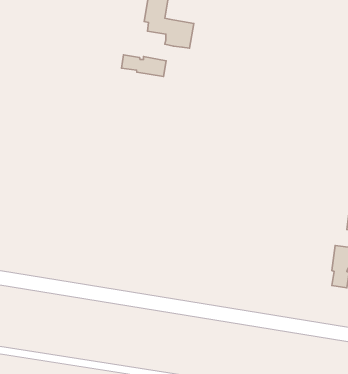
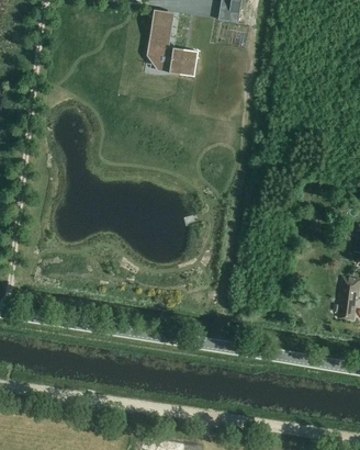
building: [121,55,166,77] -> none

